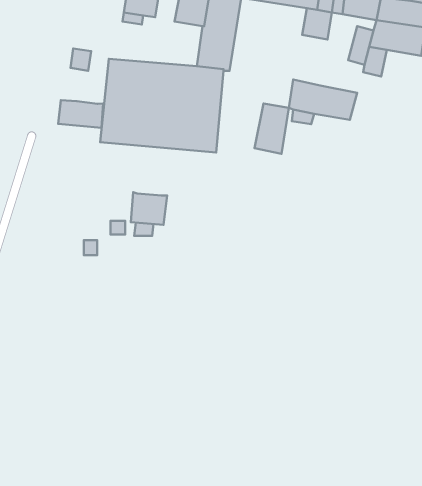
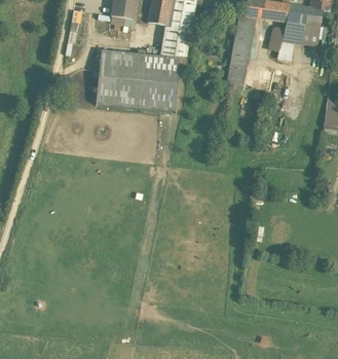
building: [58,100,103,128] -> none
building: [255,103,289,154] -> [229,31,253,66]
building: [131,192,167,225] -> none

